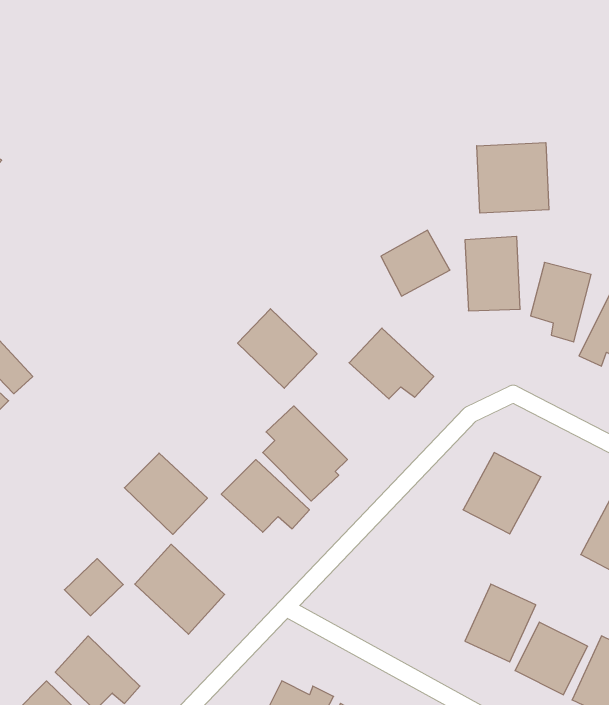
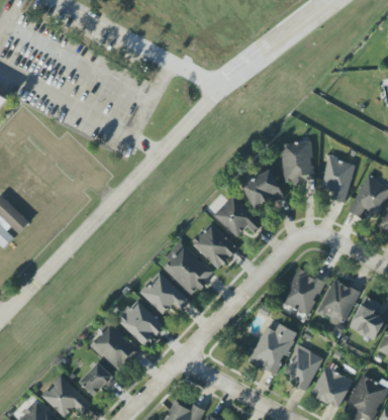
building: [477,143,549,213] -> none
building: [381,230,450,296] -> [242,171,283,209]
building: [238,309,317,388] -> [191,222,237,269]
building: [124,453,207,534] -> [116,300,165,347]
building: none -> [316,279,359,324]
building: none -> [252,320,297,373]
building: [64,559,123,616] -> [80,362,114,396]

